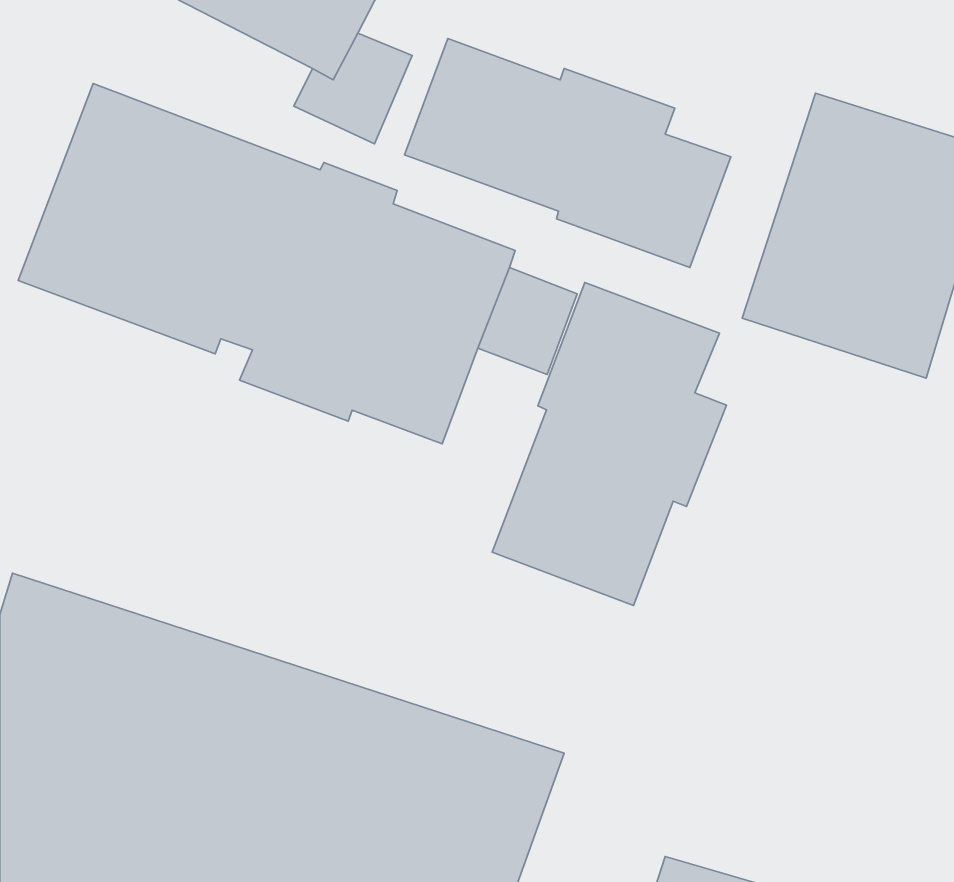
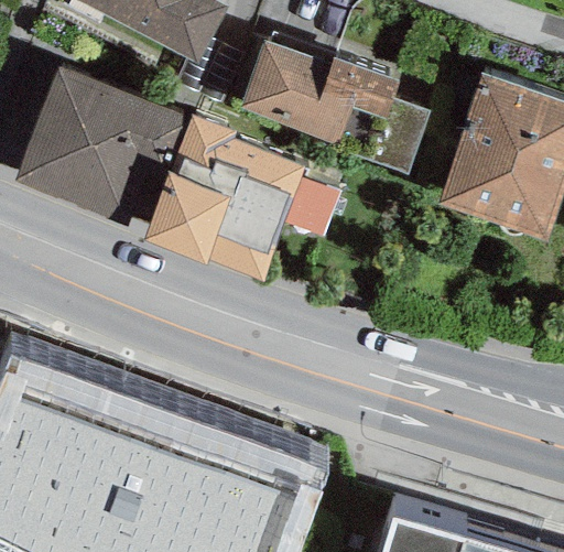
building: [492,283,727,605] -> none

